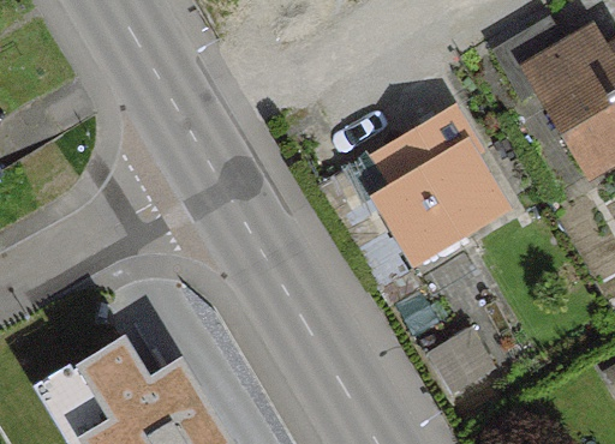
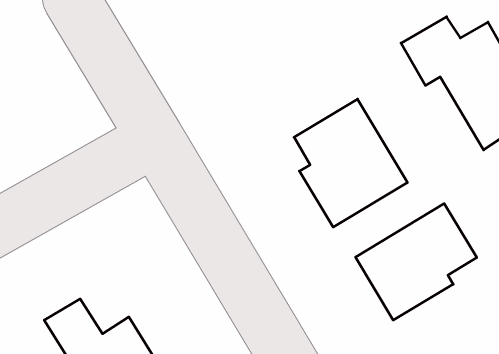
building: none -> [356,204,477,320]

